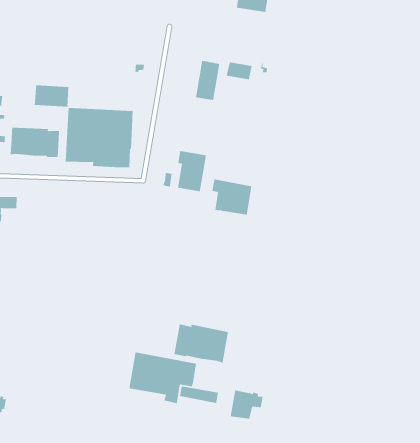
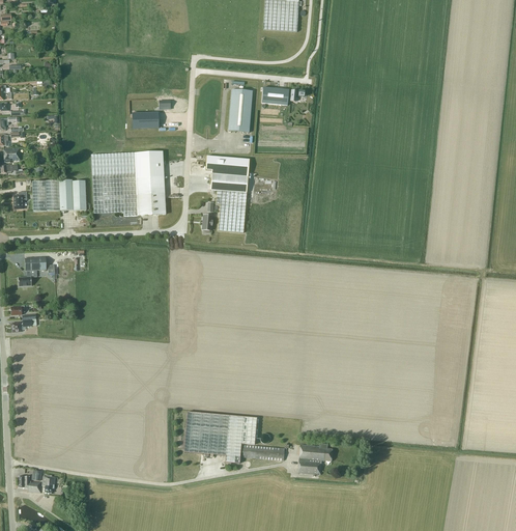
building: none -> [132,111,159,128]
building: [34,85,69,108] -> none
building: [212,179,252,215] -> [205,155,249,191]
building: [174,323,229,363] -> none

